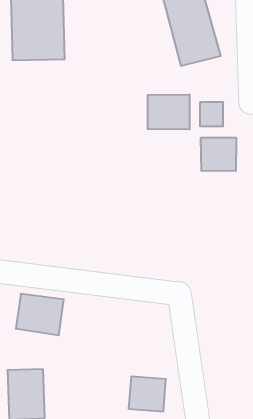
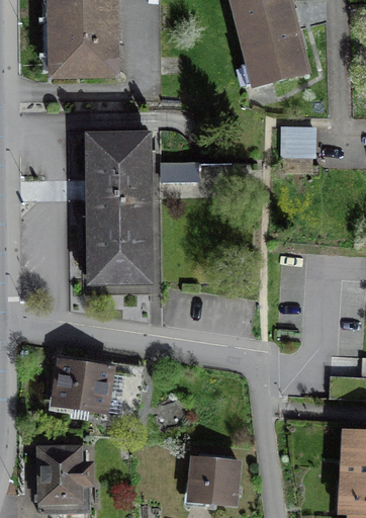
building: [148,94,190,129] -> none
building: none -> [89,135,149,282]
building: [201,138,236,171] -> none

